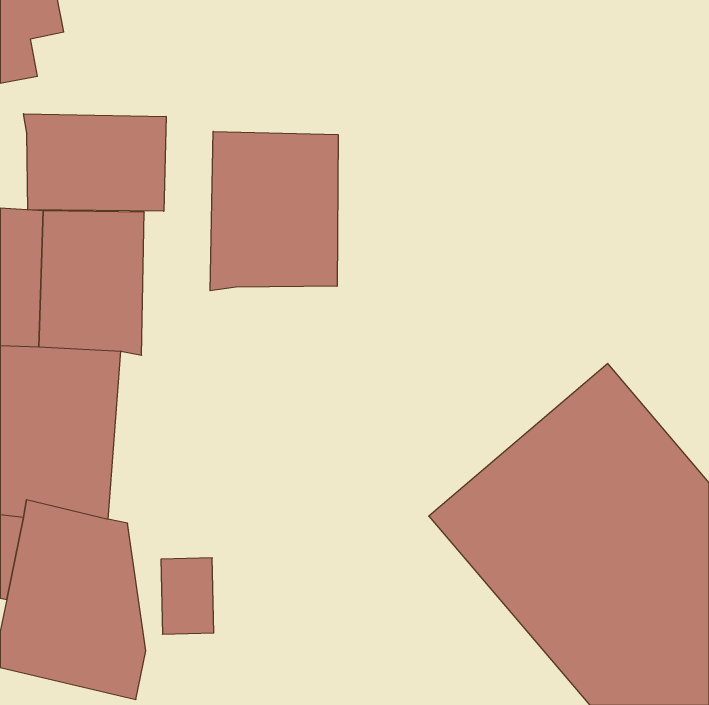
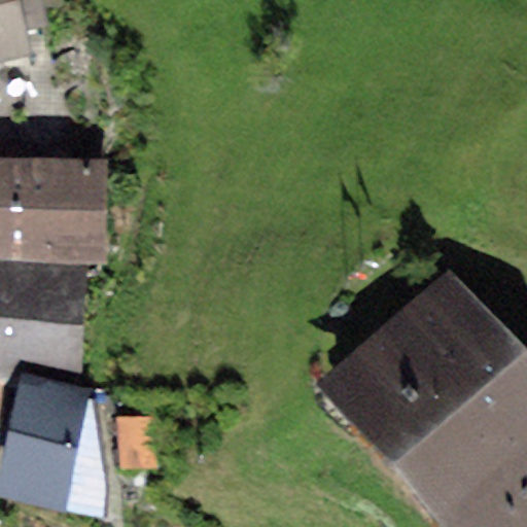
building: [24,114,166,211] -> none
building: [210,131,338,291] -> none

